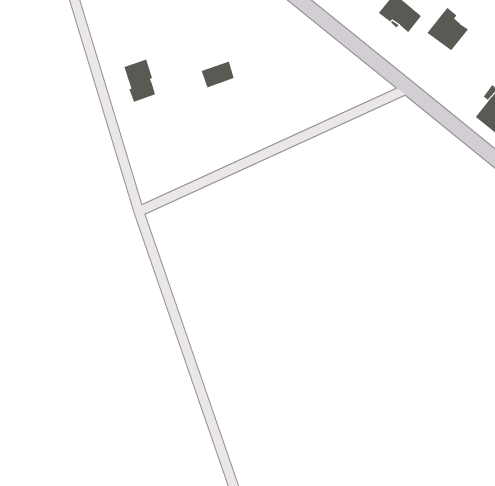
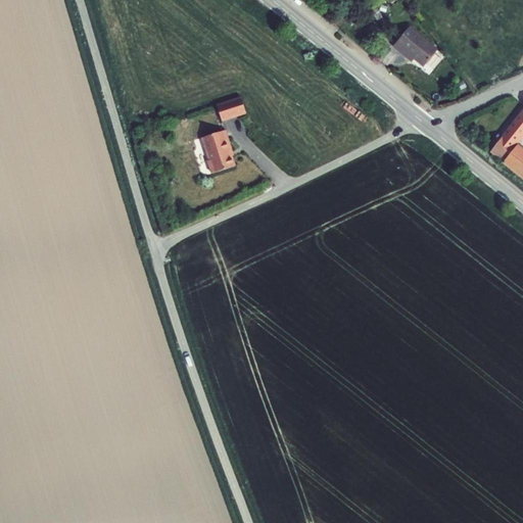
building: [426,7,469,51] -> none
building: [123,59,156,103] -> [201,131,234,175]

